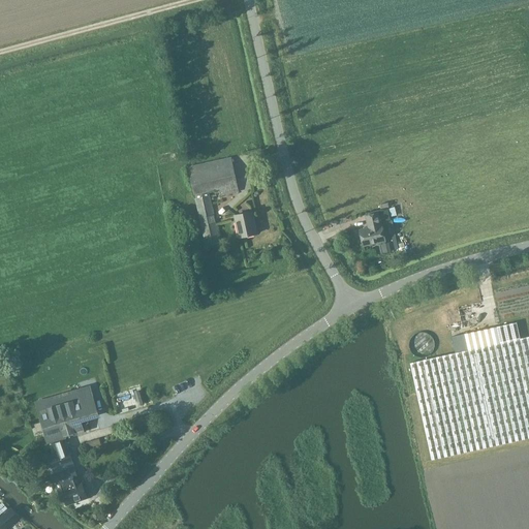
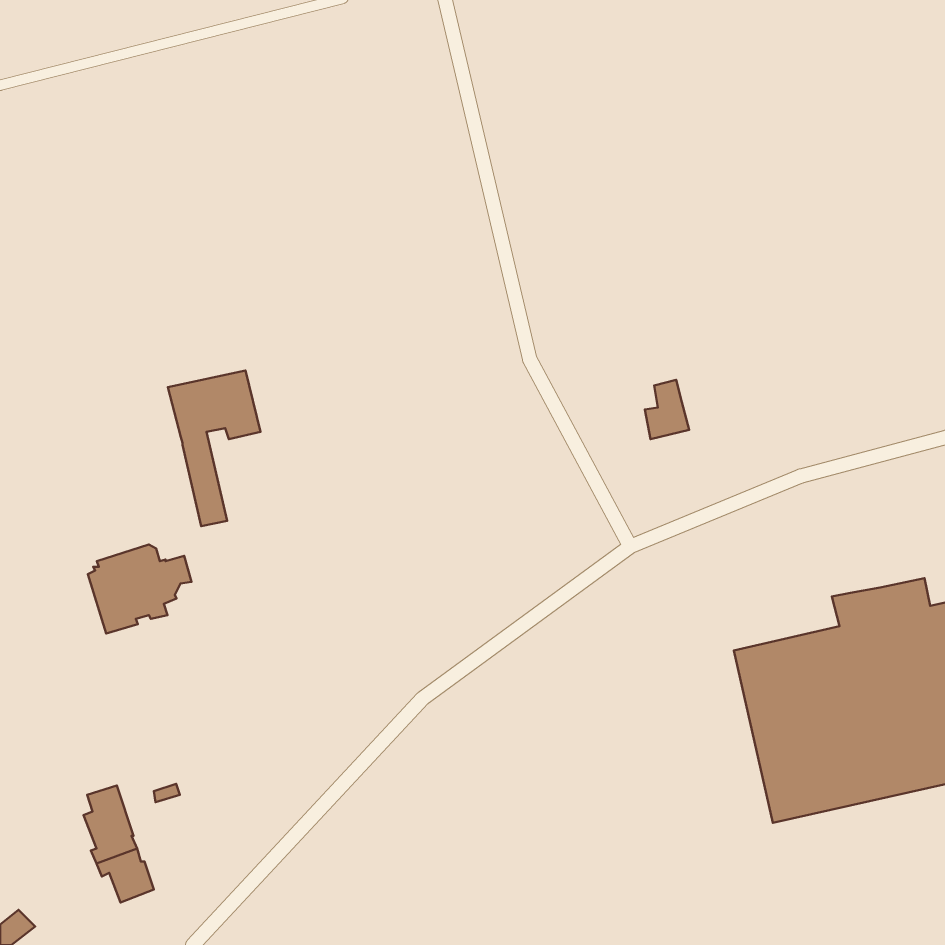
building: [188,157,240,244] -> [168,371,260,526]
building: [237,211,258,238] -> none
building: [39,392,97,441] -> [88,545,191,634]

